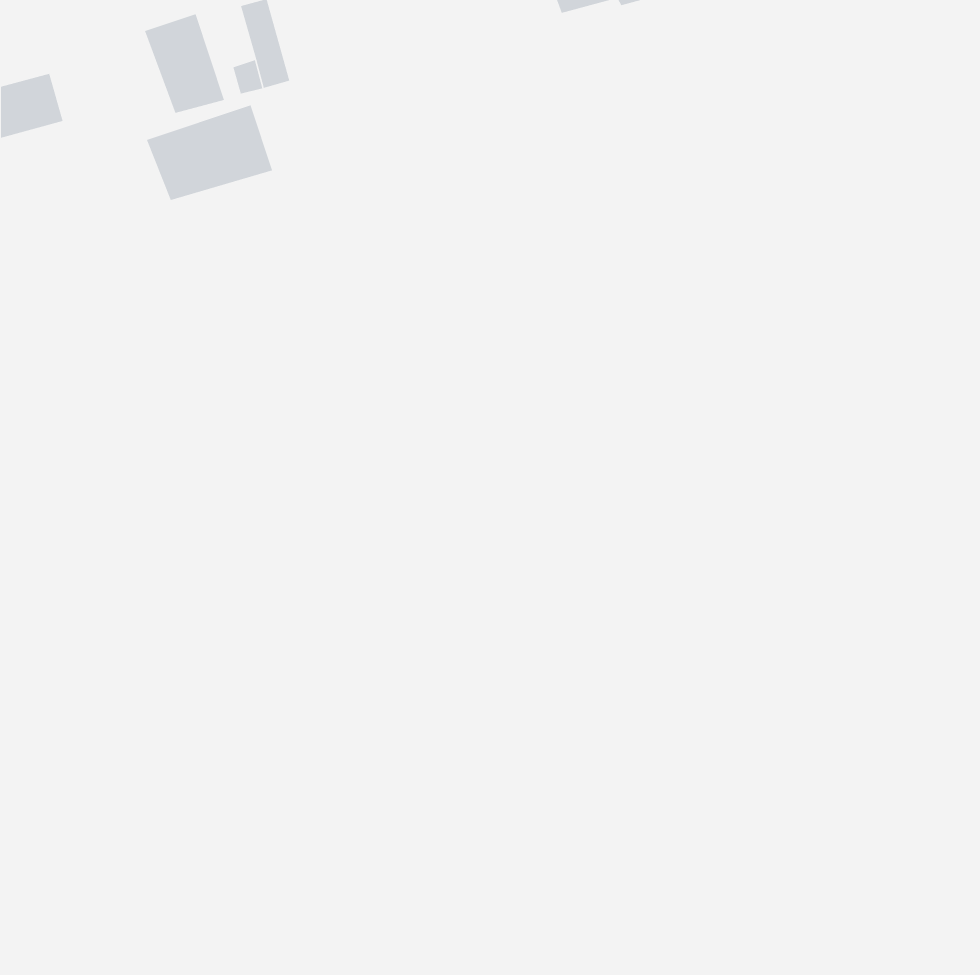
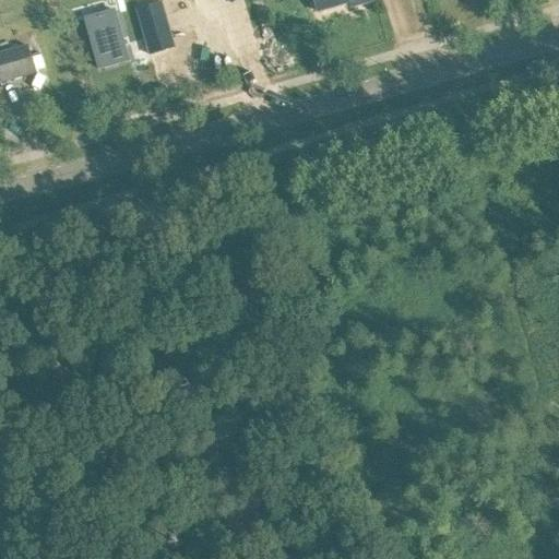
building: [146,104,273,201] -> none

